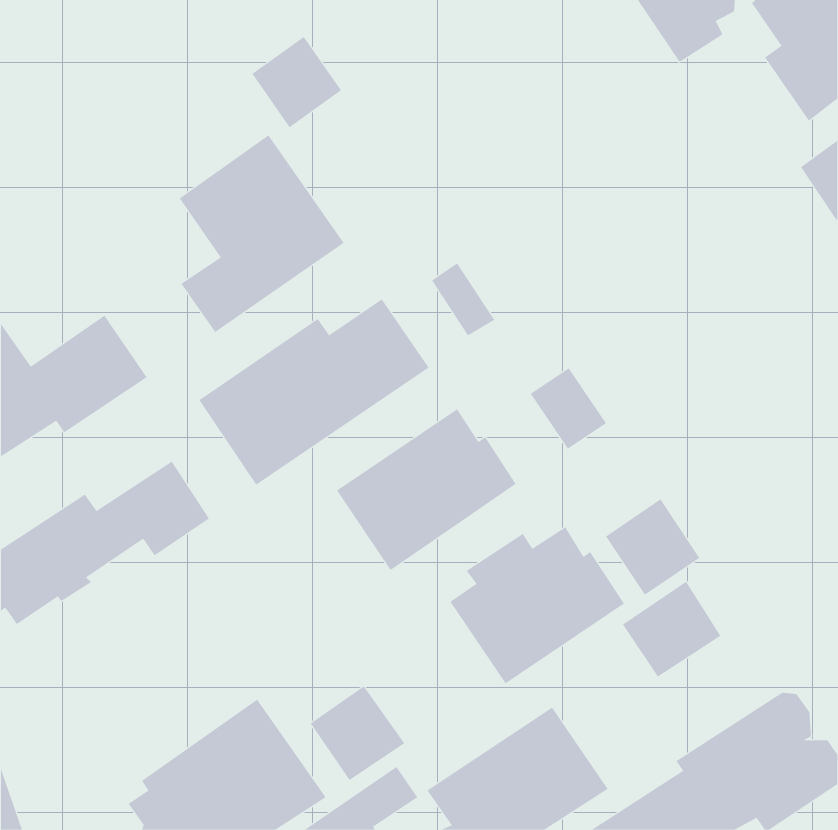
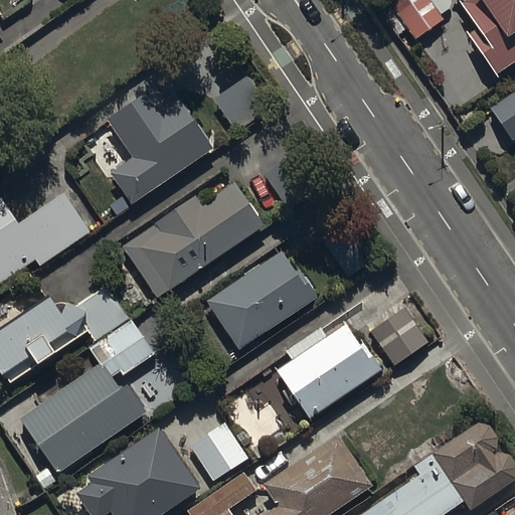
building: [252,36,342,128] -> [214,75,270,132]
building: none -> [20,319,154,474]
building: [622,581,721,678] -> none

